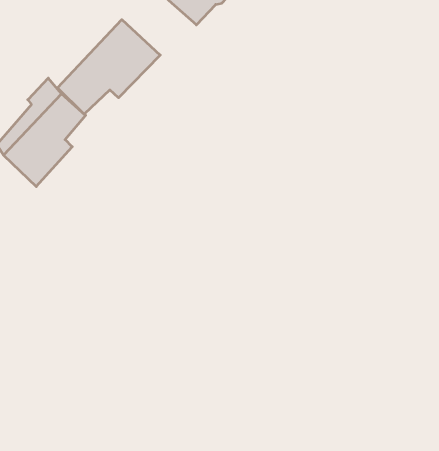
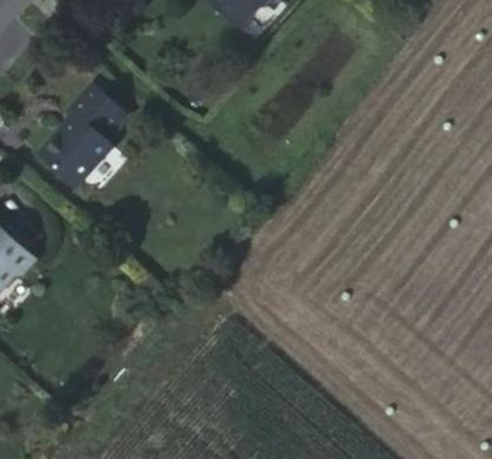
building: [58,20,160,114] -> none

